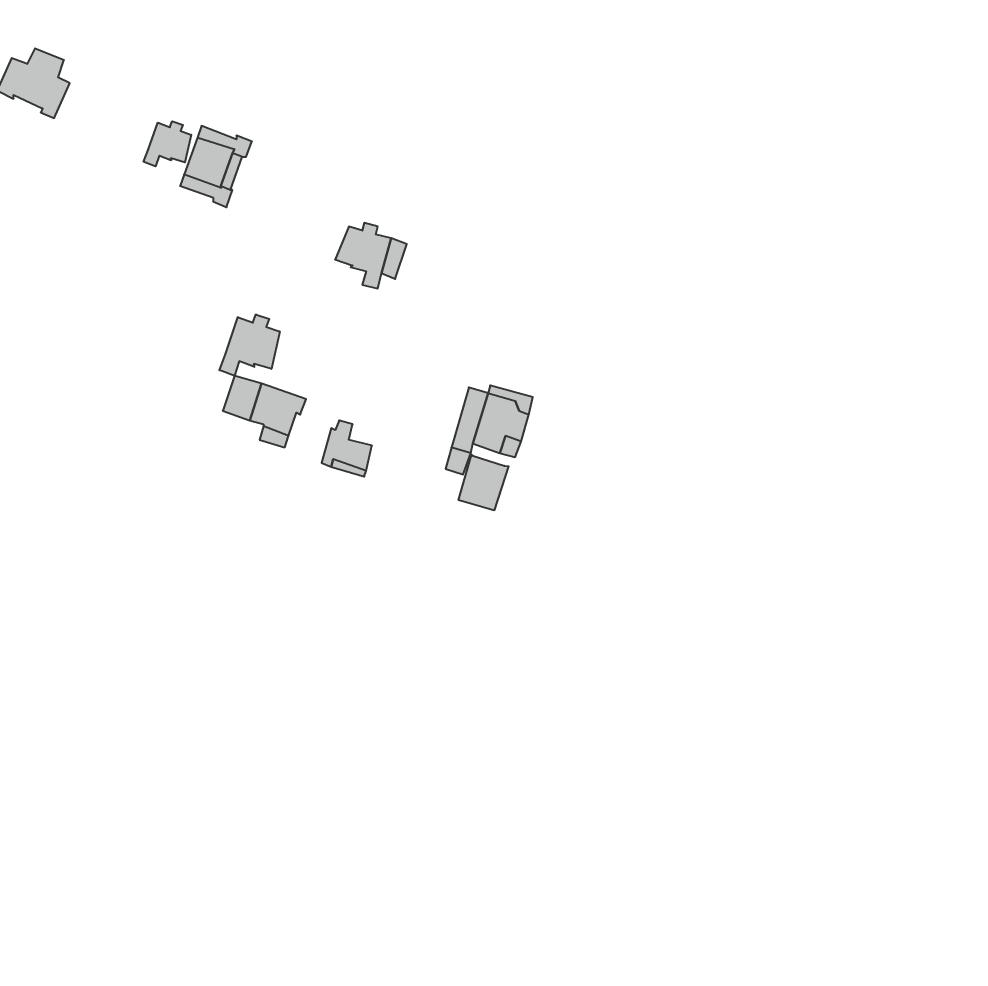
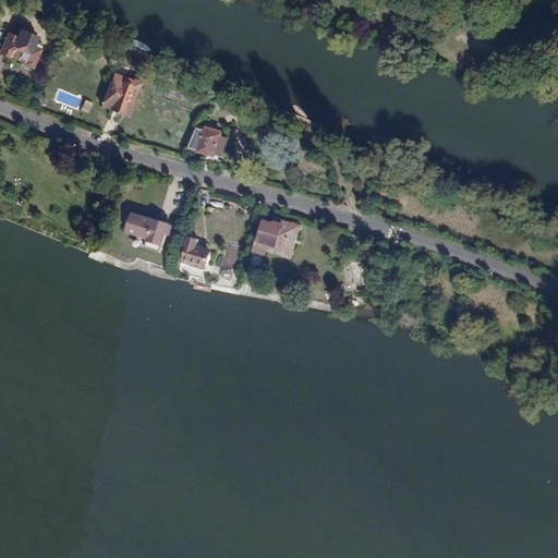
building: [144,121,191,166] -> none
building: [219,314,280,376] -> none
building: [458,455,509,510] -> none

